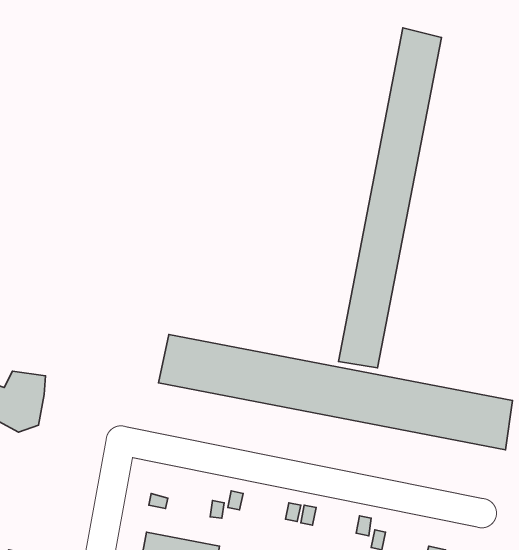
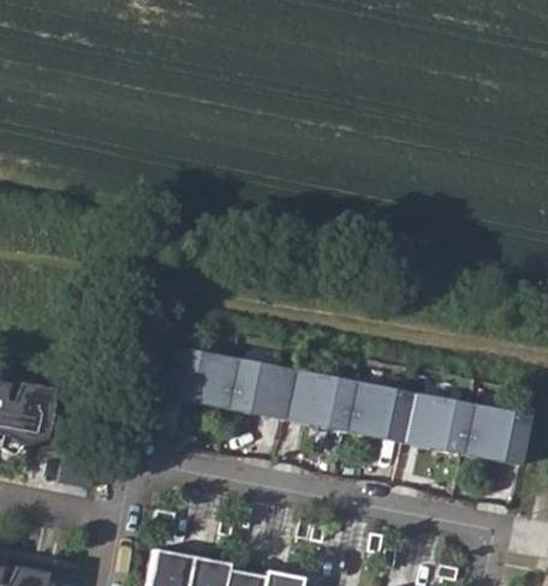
building: [338,28,442,368] -> none

